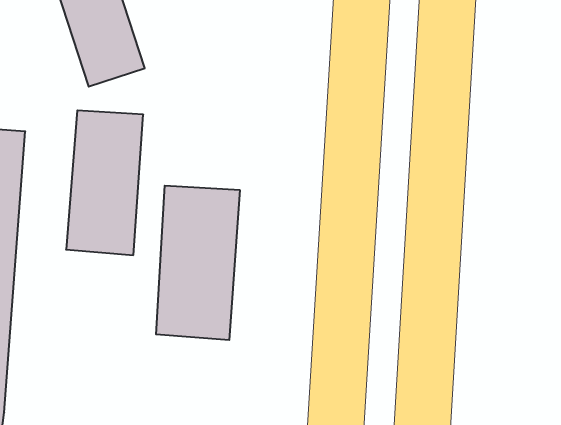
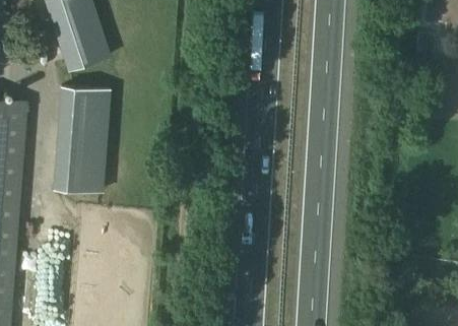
building: [156,186,240,340] -> none

